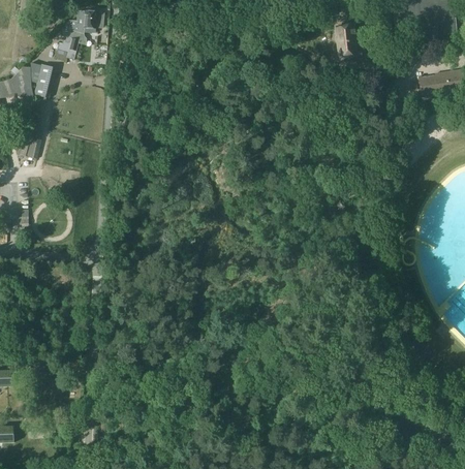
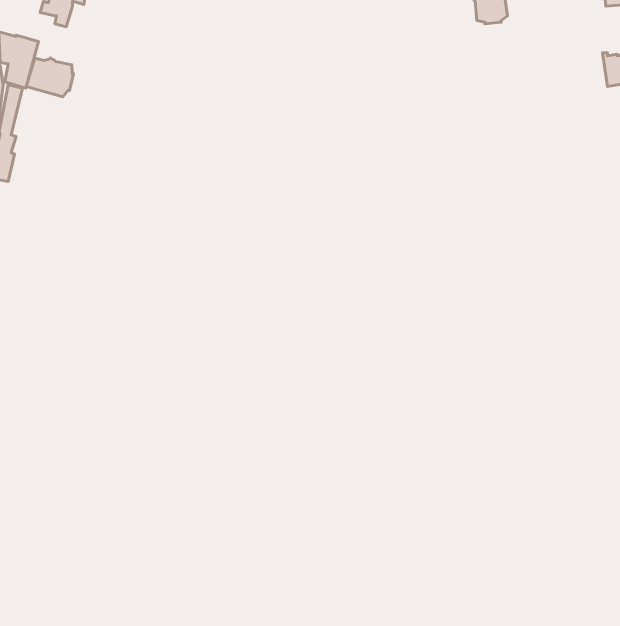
building: none -> [26,58,73,97]

